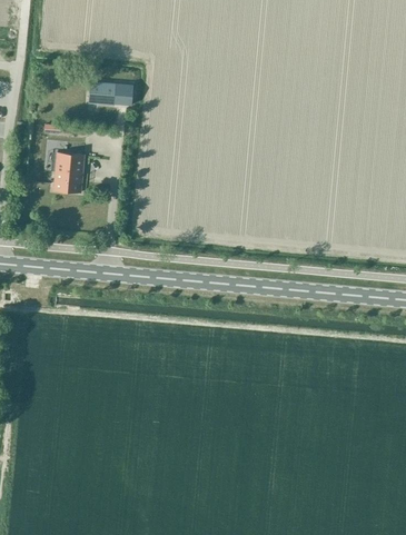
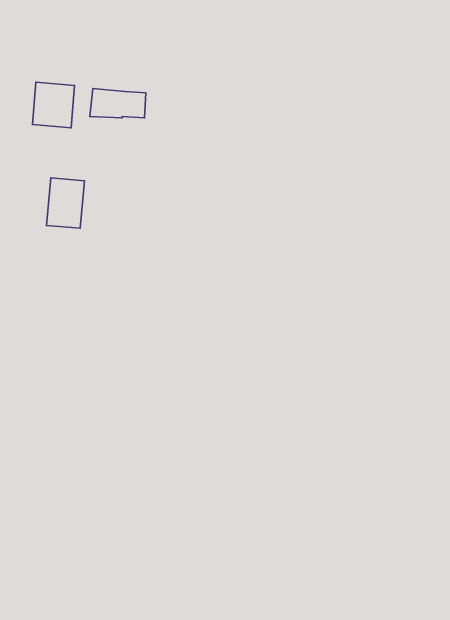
building: none -> [32,82,74,128]

